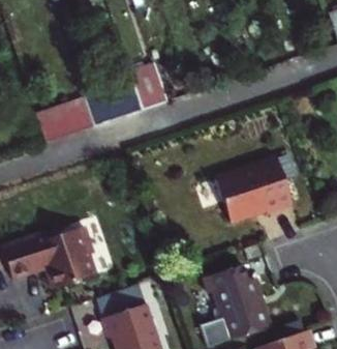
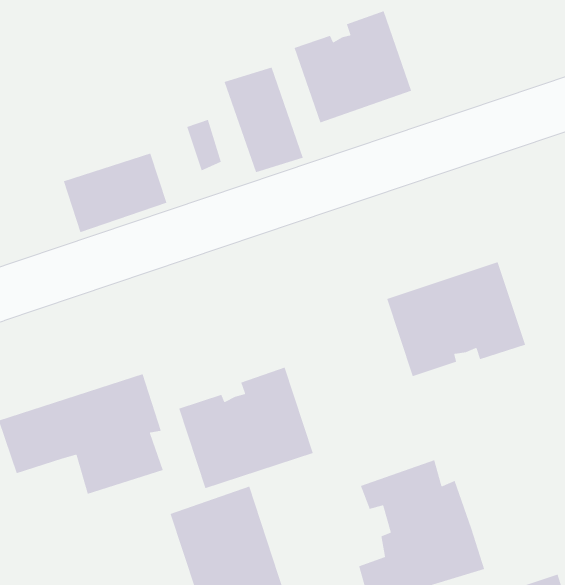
building: none -> [294,10,412,123]
building: none -> [178,367,314,489]

